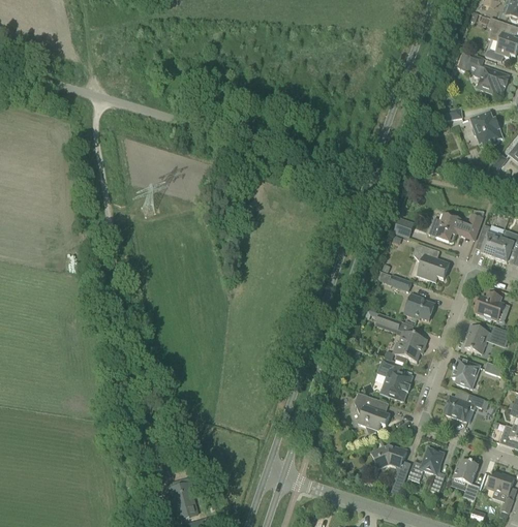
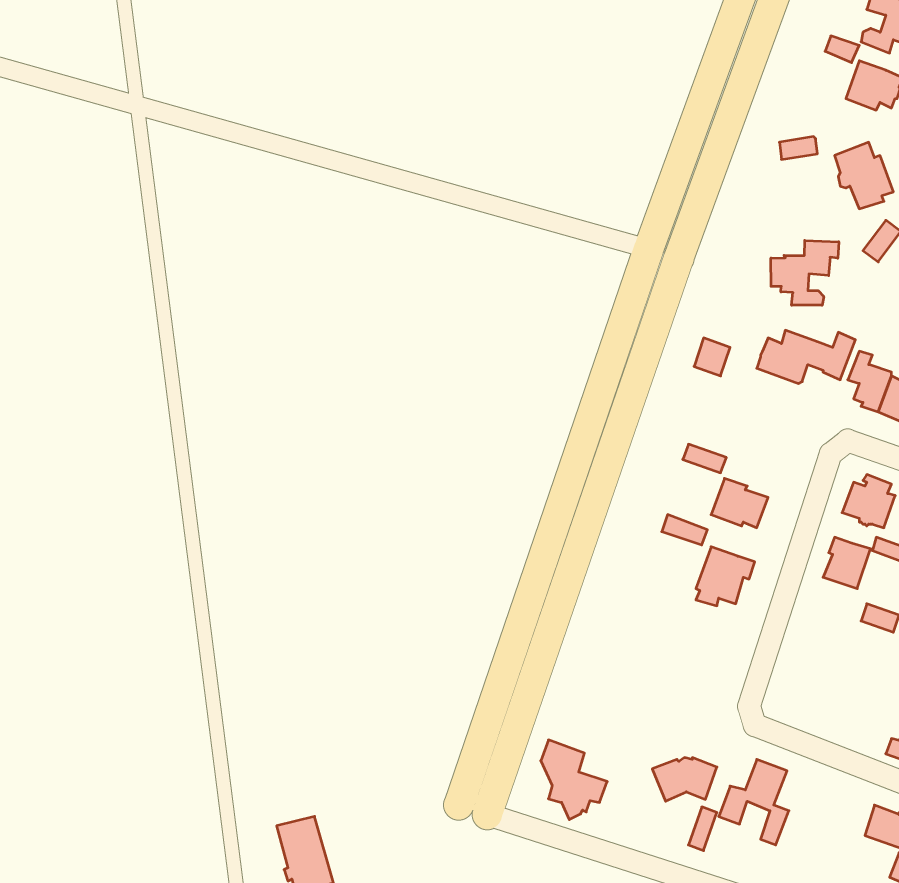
building: none -> [771,240,839,305]
building: [414,242,449,279] -> none
building: [376,356,410,399] -> none
building: [452,358,481,388] -> none
building: [354,391,390,434] -> [541,740,607,820]
building: [443,393,484,418] -> none
building: [453,459,480,500] -> none

